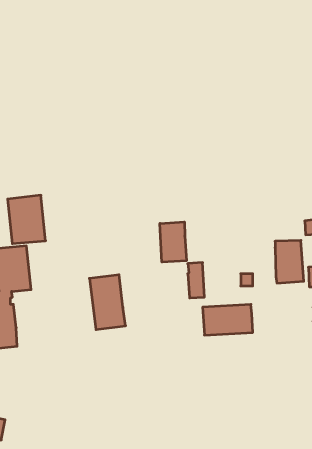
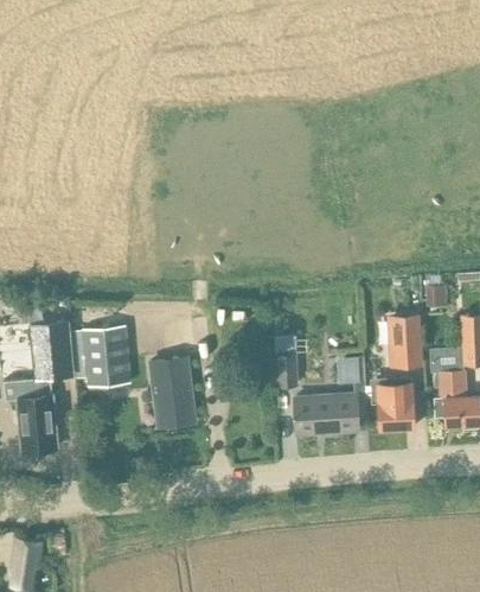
building: [8,195,46,244] -> [83,326,132,388]
building: [160,222,186,262] -> none
building: none -> [371,377,415,431]

